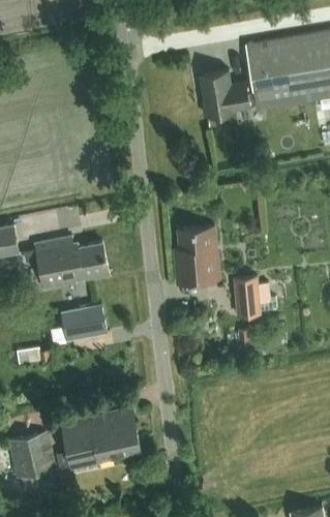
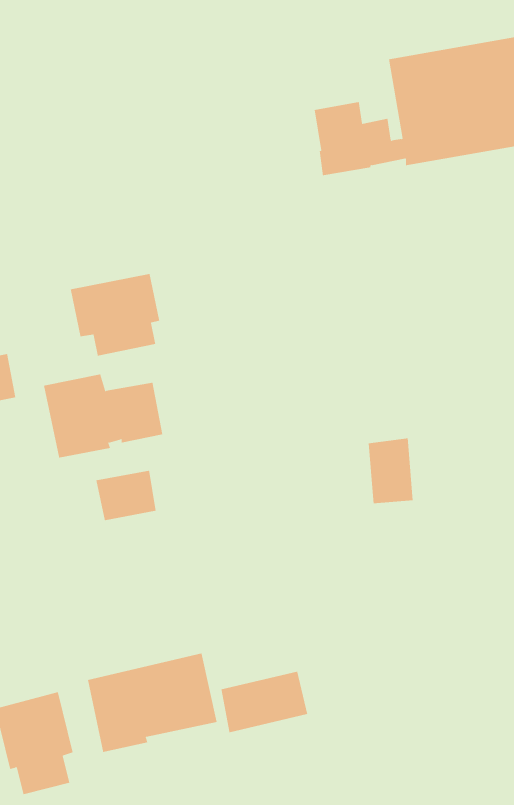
building: none -> [70,273,160,356]
building: [175,225,221,285] -> none
building: none -> [221,671,308,733]

